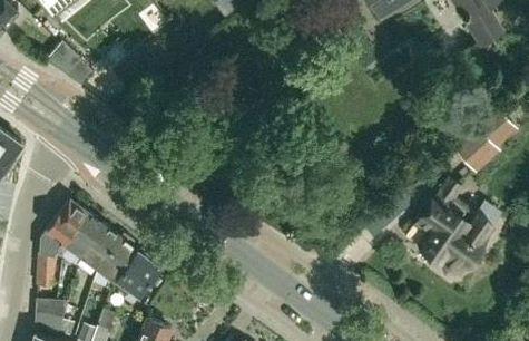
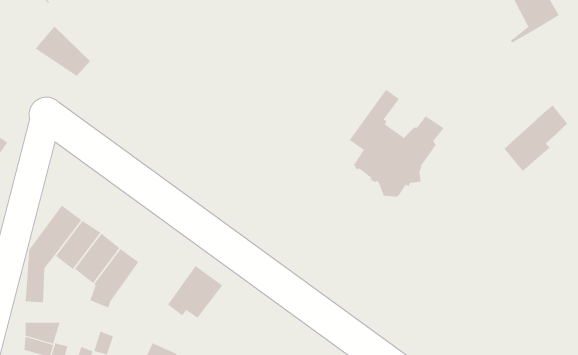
building: [417,179,500,274] -> [349,89,444,197]
building: [111,250,160,296] -> [167,265,223,319]

